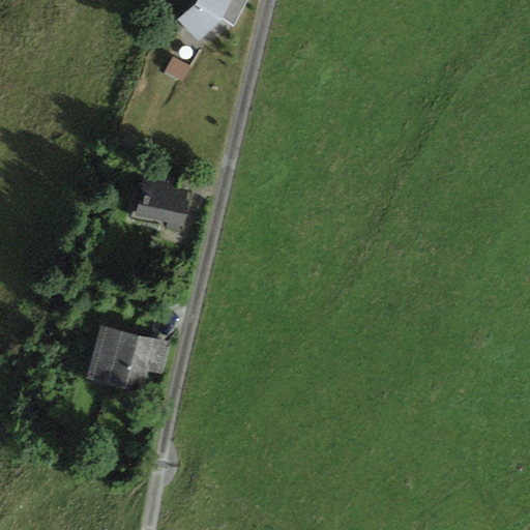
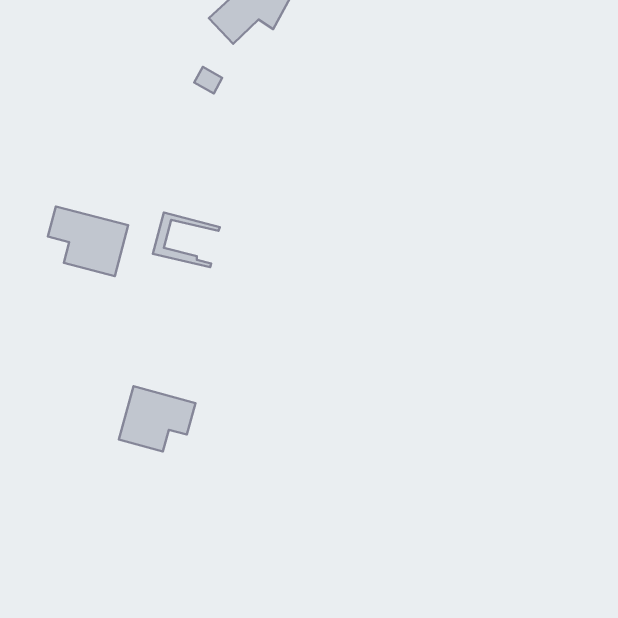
building: none -> [48,206,128,276]
building: [140,187,186,225] -> none

